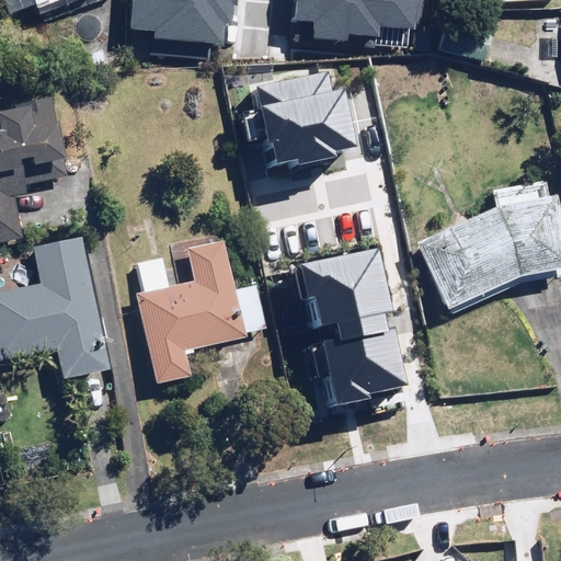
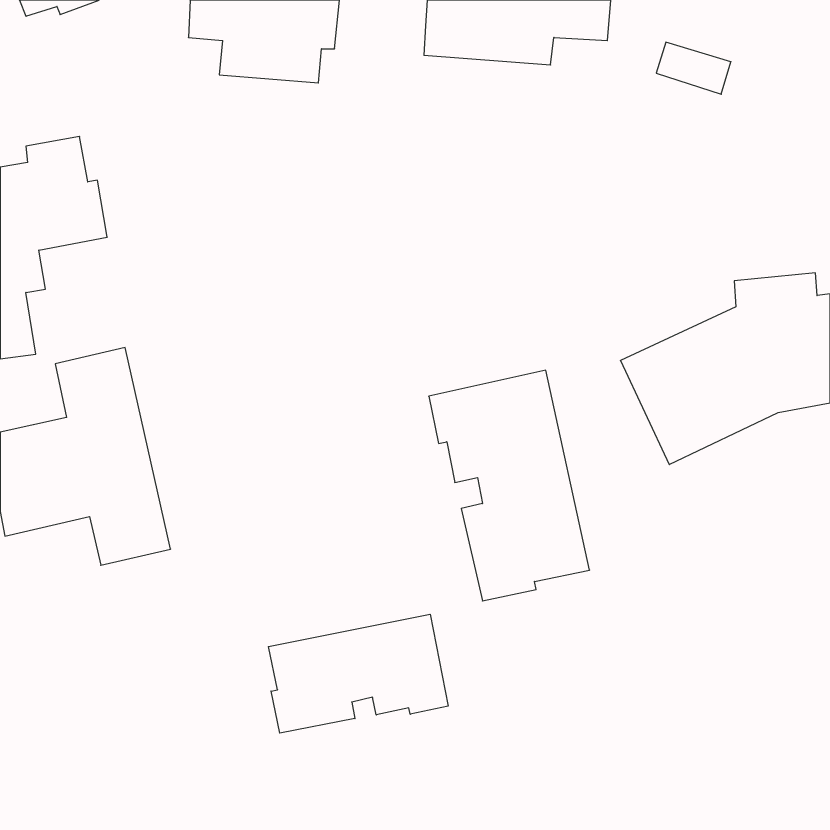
building: [249,73,346,165] -> none
building: [134,241,268,381] -> none
building: none -> [268,614,448,733]

